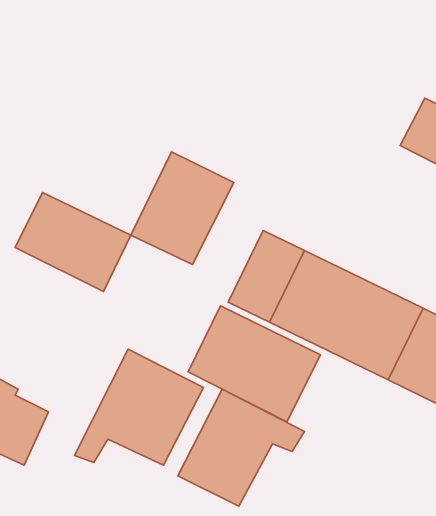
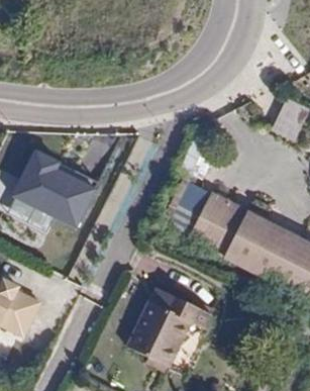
building: [131,152,234,265] -> none
building: [188,306,321,422] -> none
building: [75,349,204,465] -> none

